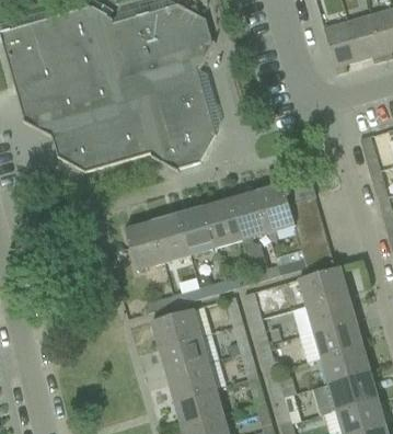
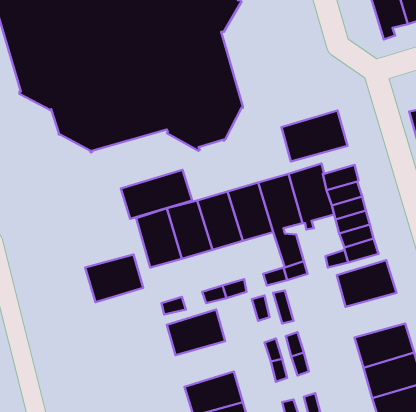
building: none -> [281,111,348,161]
building: none -> [121,170,192,219]
building: none -> [85,254,143,302]
building: [304,293,356,331] -> none
building: [158,334,208,374] -> none

